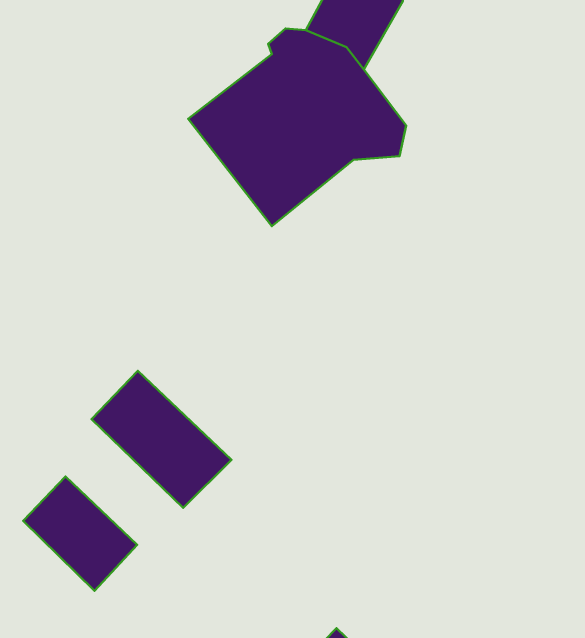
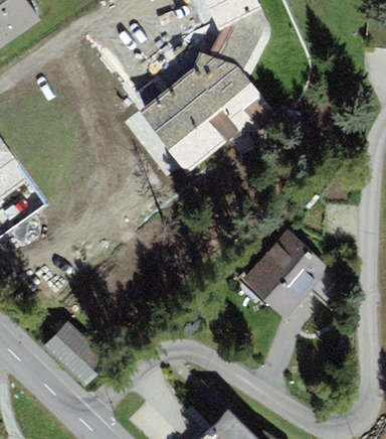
building: none -> [240,229,328,316]
building: [92,371,232,508] -> none

